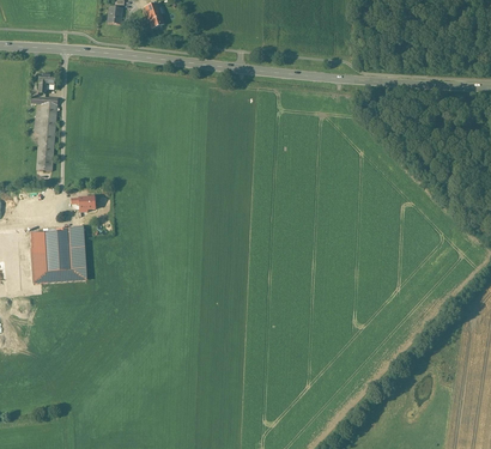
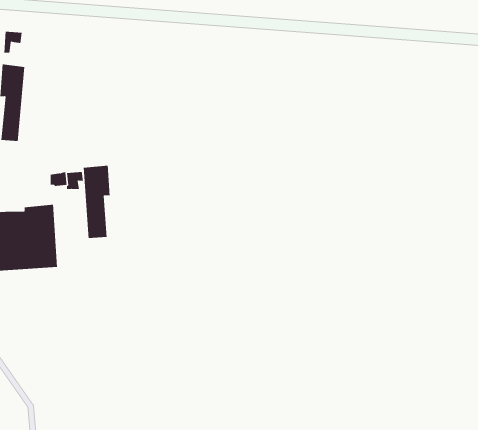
building: none -> [83,165,110,239]

